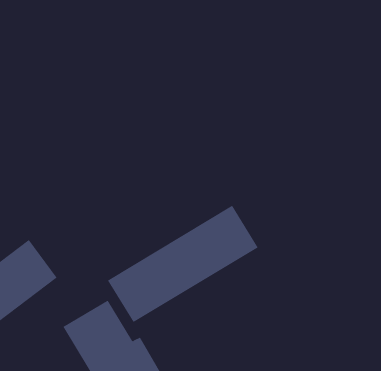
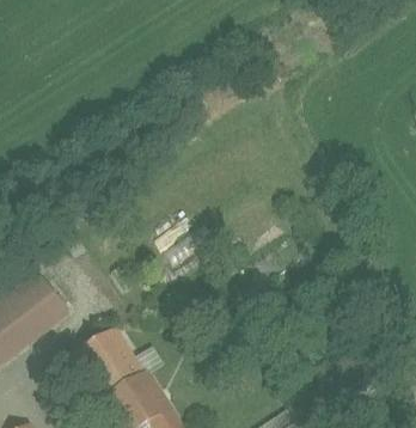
building: [107,205,258,323] -> none

